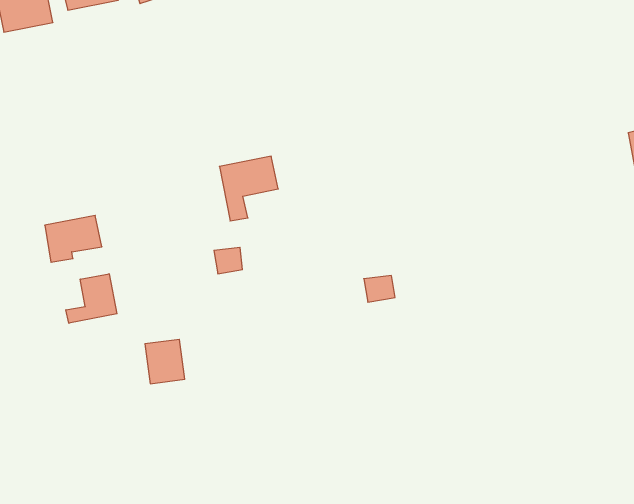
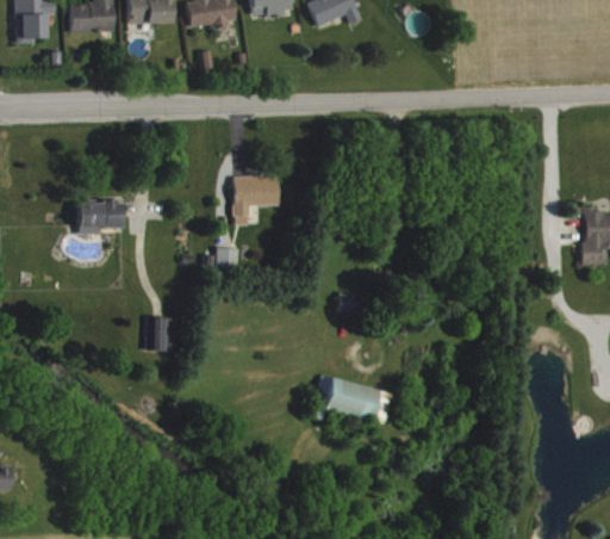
building: [66,274,117,323] -> none
building: none -> [315,374,379,420]

